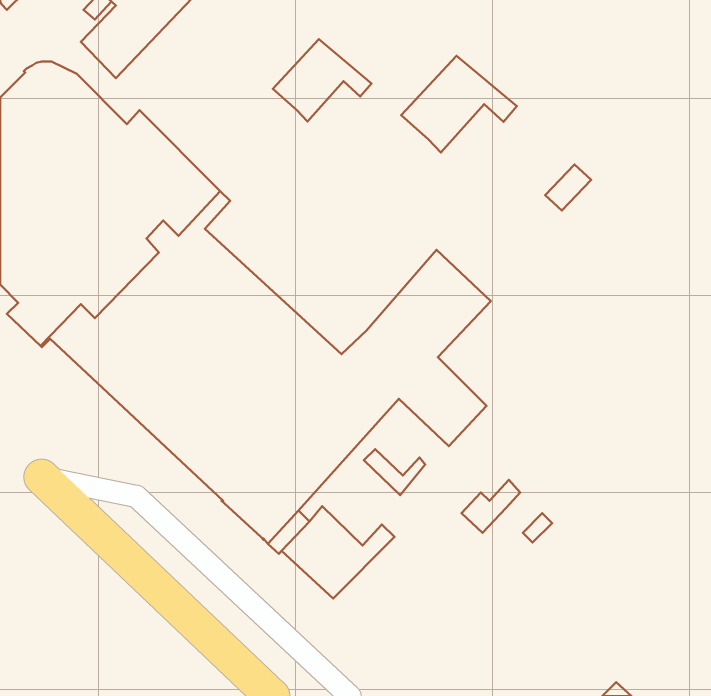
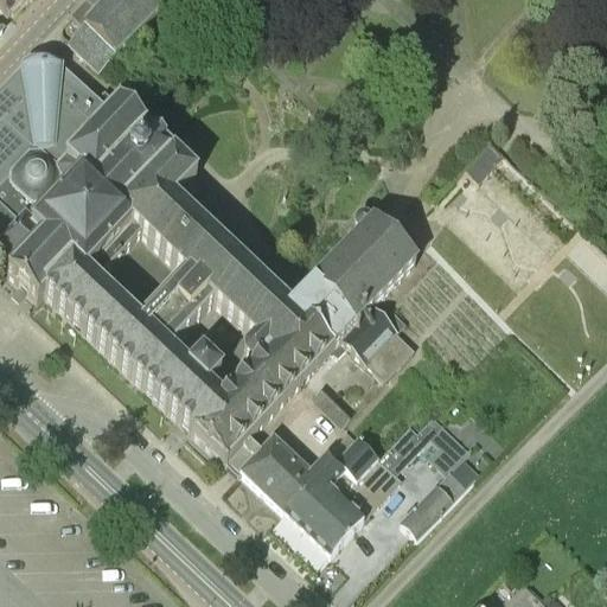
building: [273,39,372,122] -> none
building: [401,56,517,153] -> none
building: none -> [285,434,401,551]
building: none -> [400,466,467,535]

